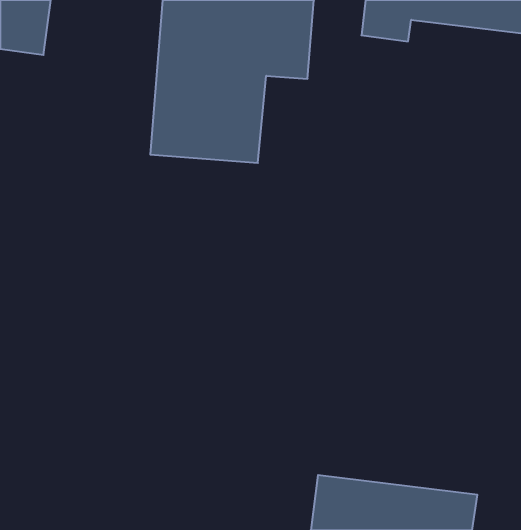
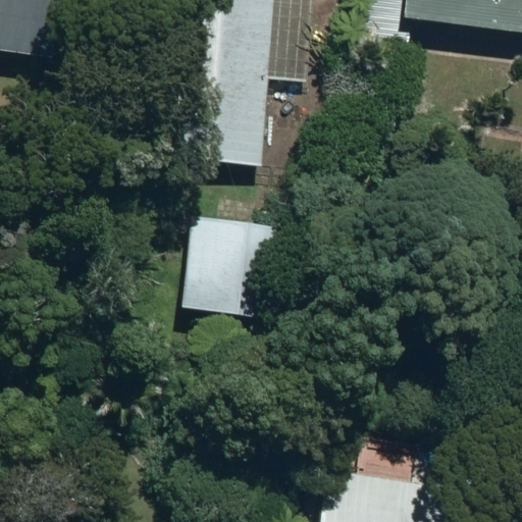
building: none -> [179,209,307,319]

